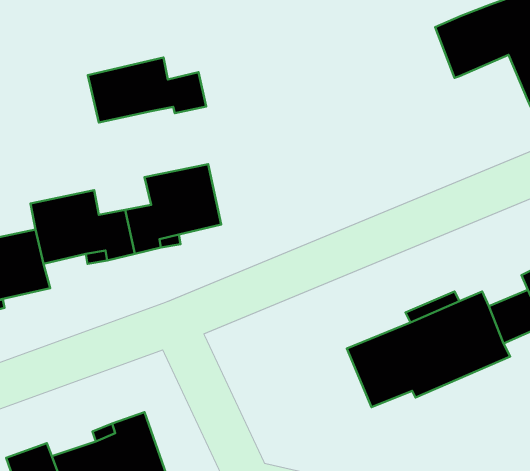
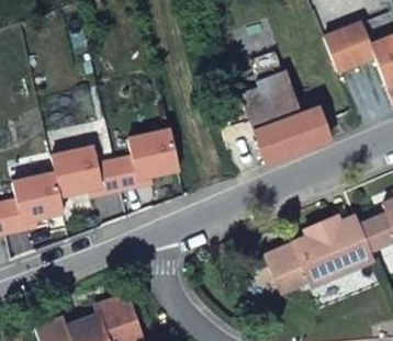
building: none -> [242,49,328,164]
building: [88,58,206,122] -> none

